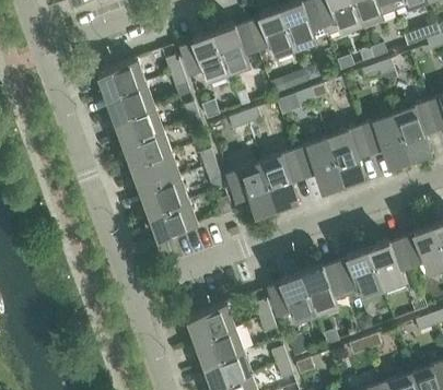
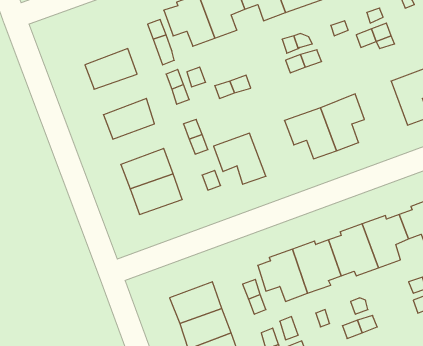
building: [96,60,145,99] -> none
building: [114,108,163,146] -> none
building: [360,115,409,164] -> none
building: [260,152,302,204] -> none
building: [131,155,179,193] -> none

